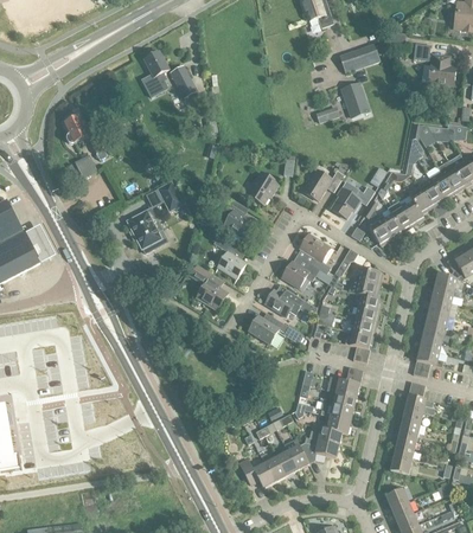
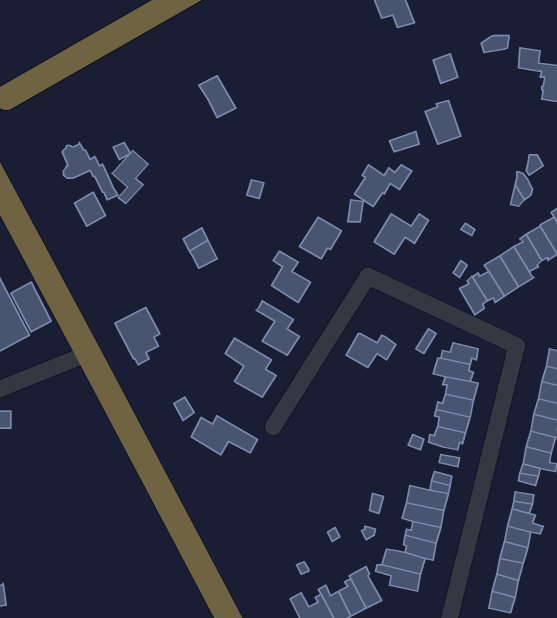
building: [141,51,167,96] -> none
building: none -> [112,151,148,204]
building: [331,186,375,218] -> [355,165,412,207]
building: [127,208,161,252] -> [115,308,160,365]
building: [299,233,330,274] -> none
building: [264,289,303,315] -> none
building: [248,314,288,343] -> none
building: none -> [191,416,258,455]

